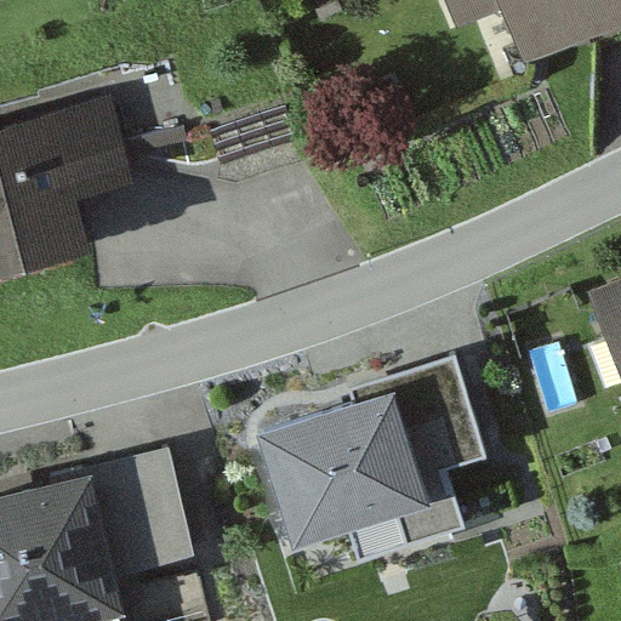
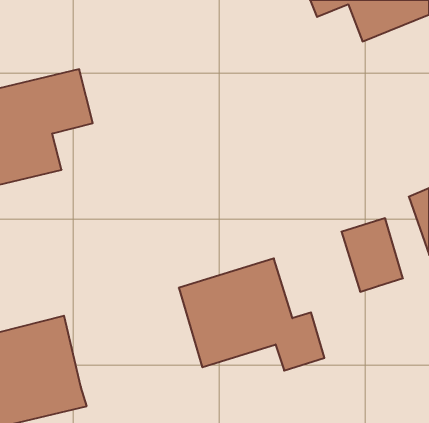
building: [394,364,483,469] -> [341,218,403,292]
building: [92,448,193,568] -> none

